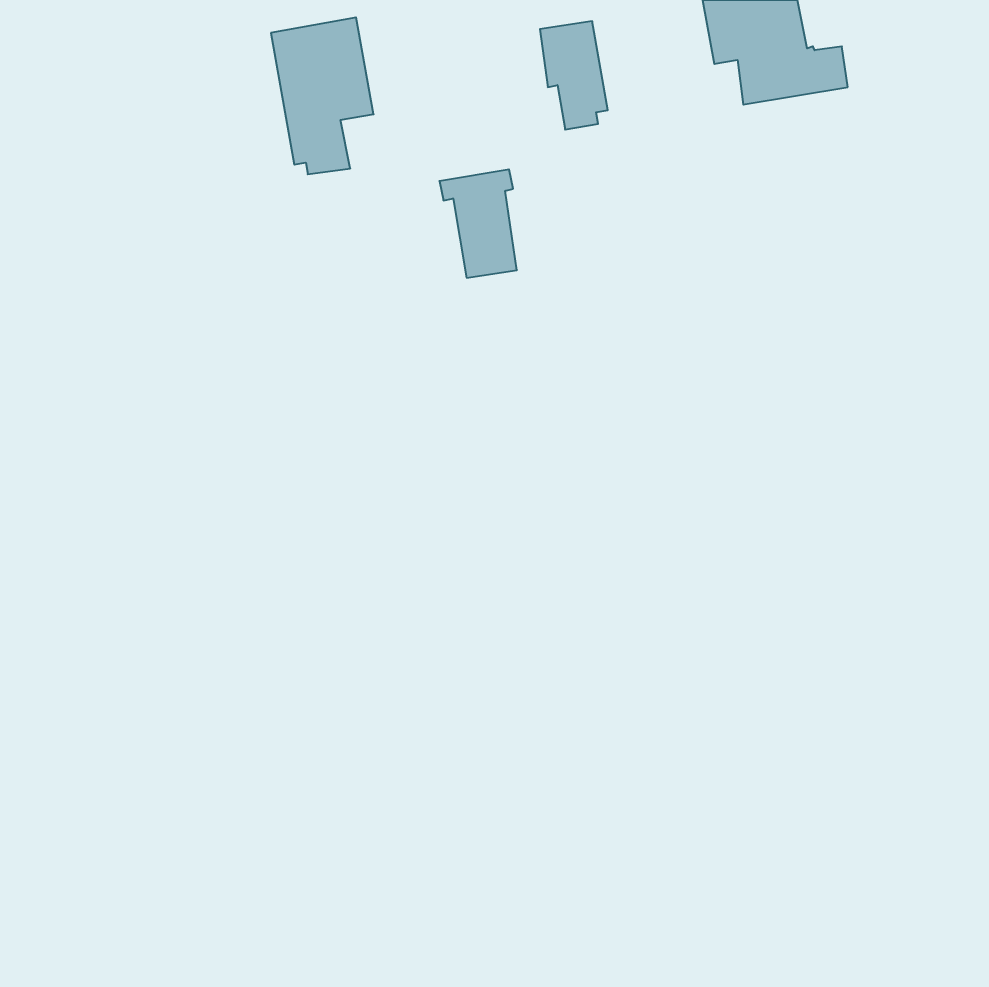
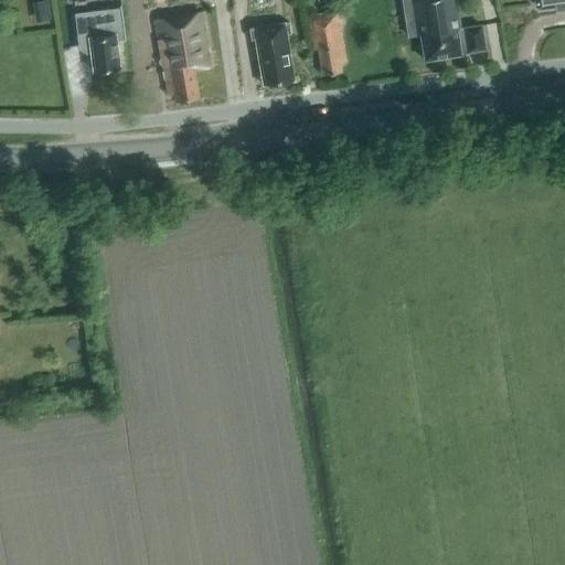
building: none -> [74,8,125,72]
building: [439,169,517,278] -> [248,22,292,84]

